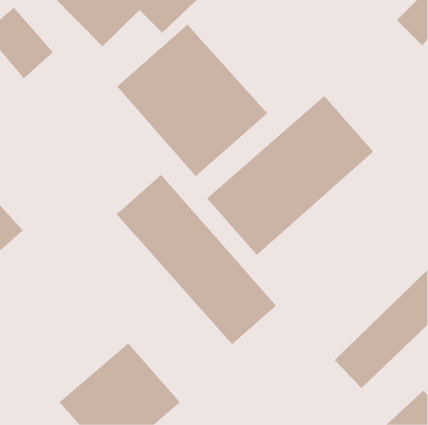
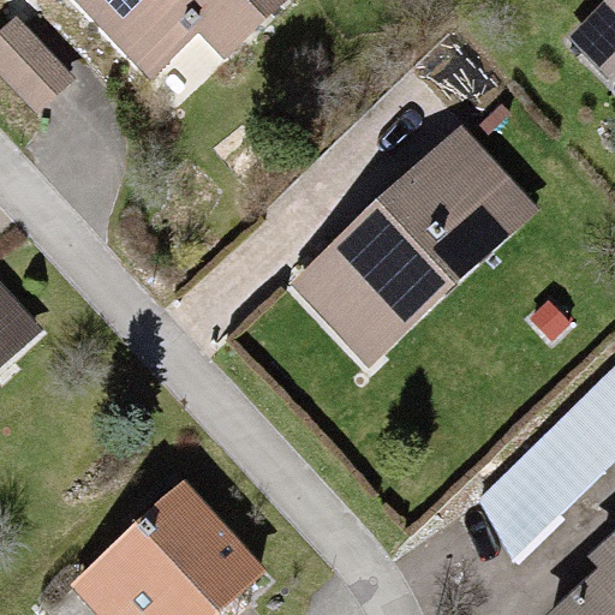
building: [117,24,268,177] -> none
building: [116,174,277,345] -> none

